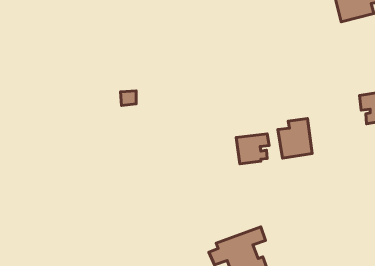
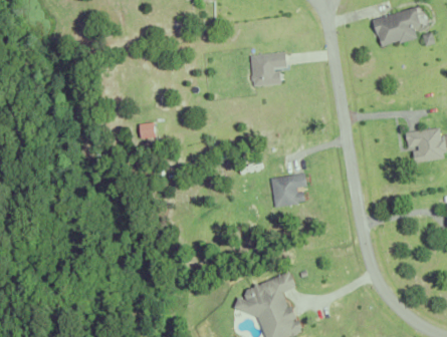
building: none -> [250,50,285,84]
building: [278,119,312,158] -> none

